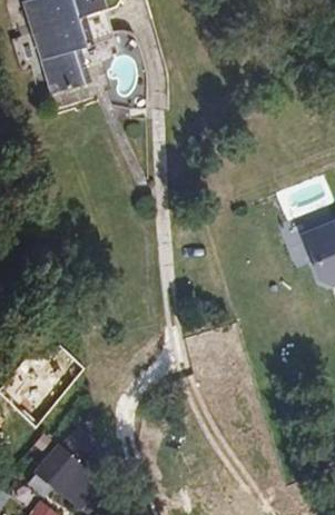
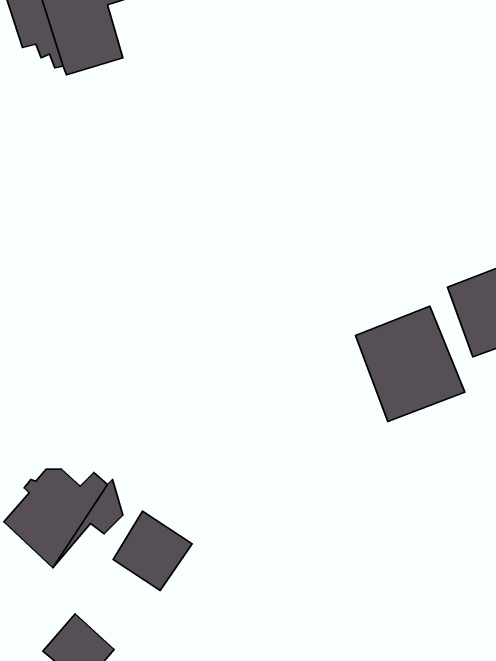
building: none -> [356,306,465,422]
building: none -> [113,511,192,591]

